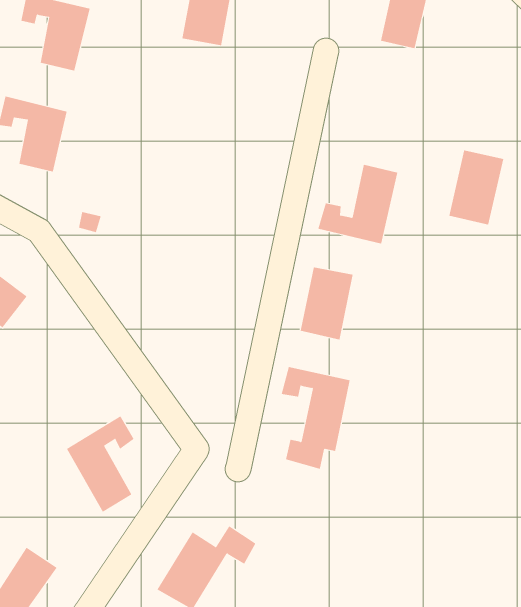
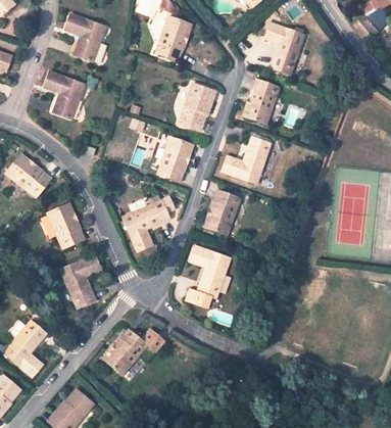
building: none -> [180,80,211,128]
building: [449,150,504,225] -> [242,78,278,123]
building: none -> [158,135,192,178]
building: none -> [124,199,170,250]
building: none -> [44,209,82,253]

